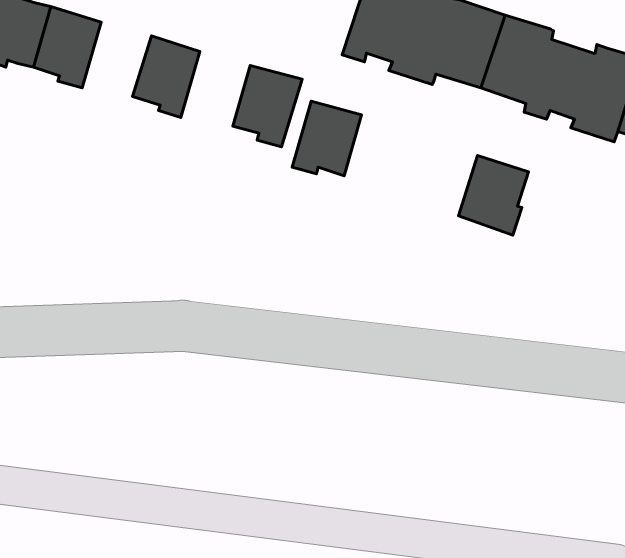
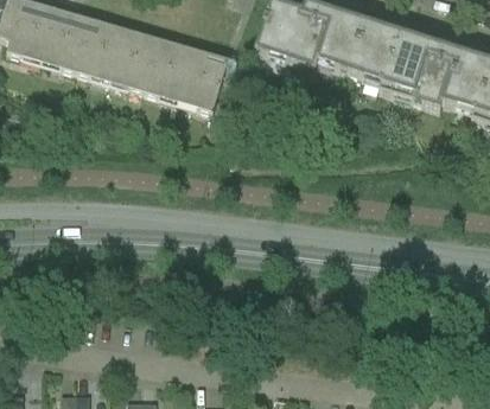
building: none -> [77,24,125,75]
building: [292,101,361,176] -> [145,44,192,95]
building: [458,155,528,235] -> none

